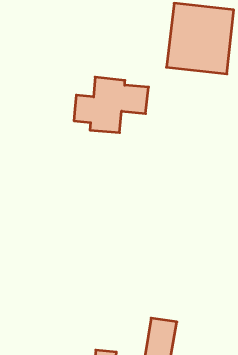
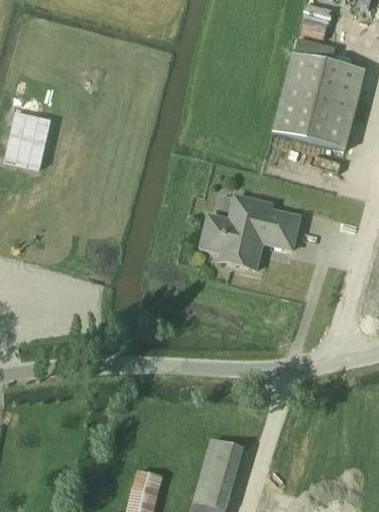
building: [74,77,149,133] -> [203,194,302,267]

